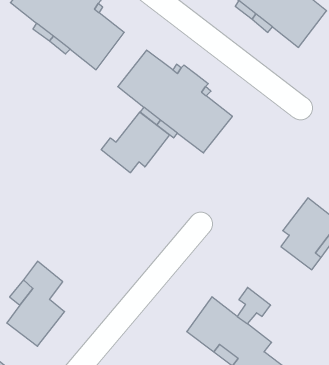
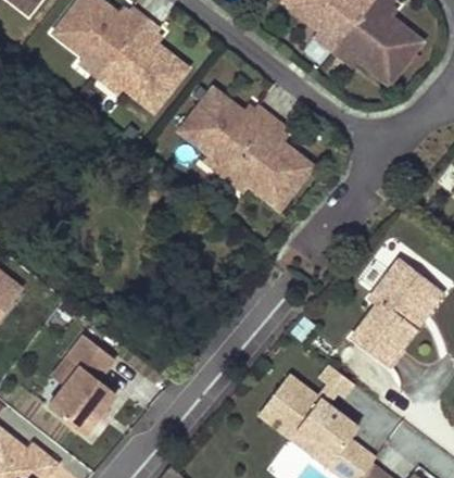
building: [101,112,170,173] -> none
building: none -> [354,316,405,364]

